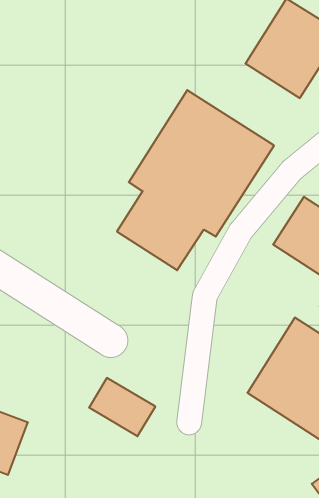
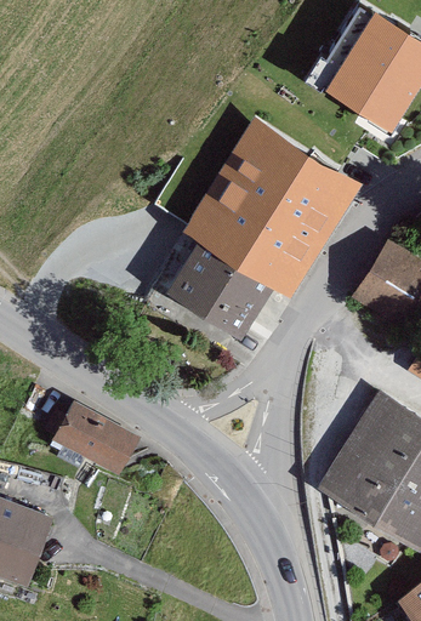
building: [89,378,155,436] -> [56,406,137,478]

